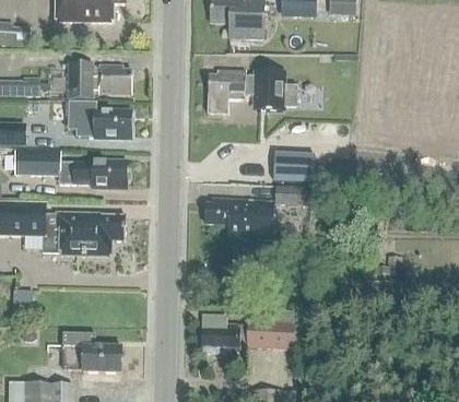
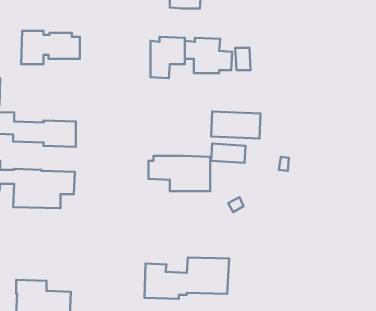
building: [67,100,131,139] -> none

